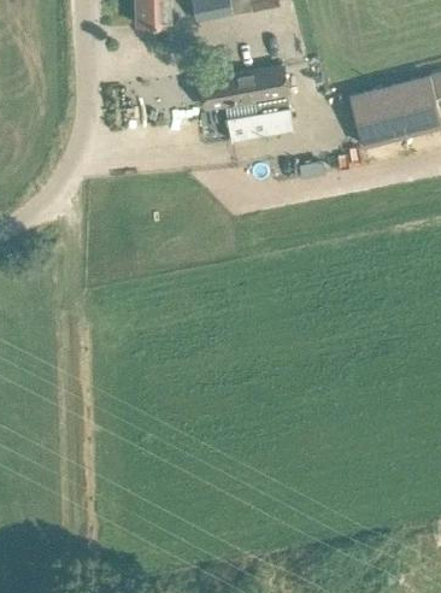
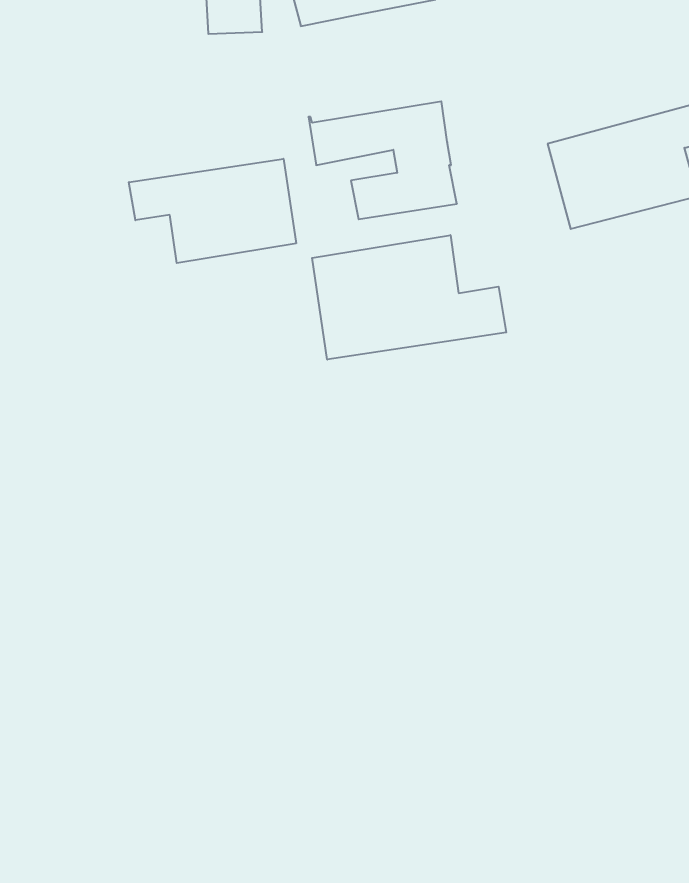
building: none -> [129,159,296,263]
building: none -> [312,235,506,360]

